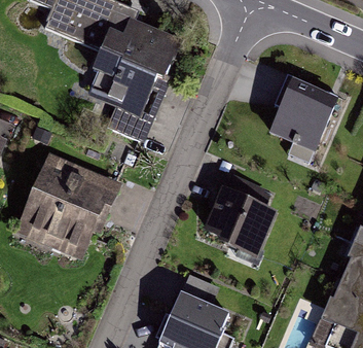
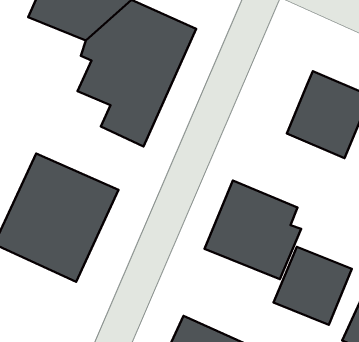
building: none -> [274,247,352,325]

